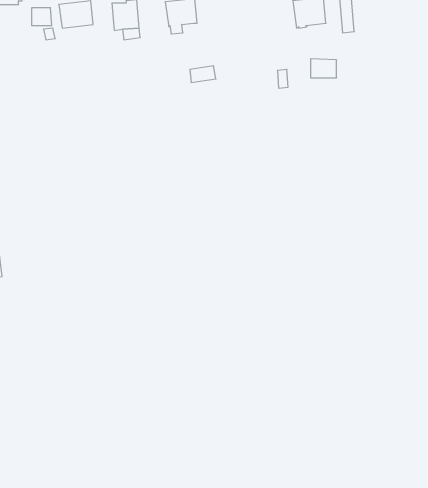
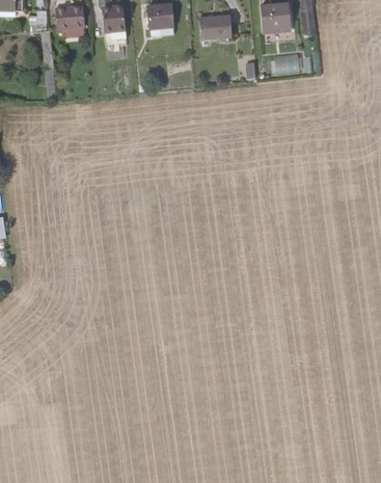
building: none -> [198,15,232,38]

